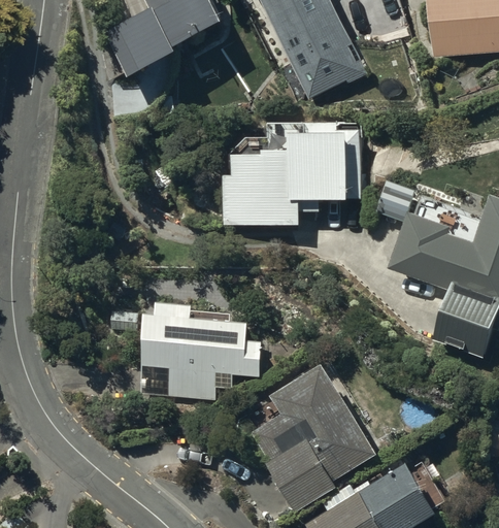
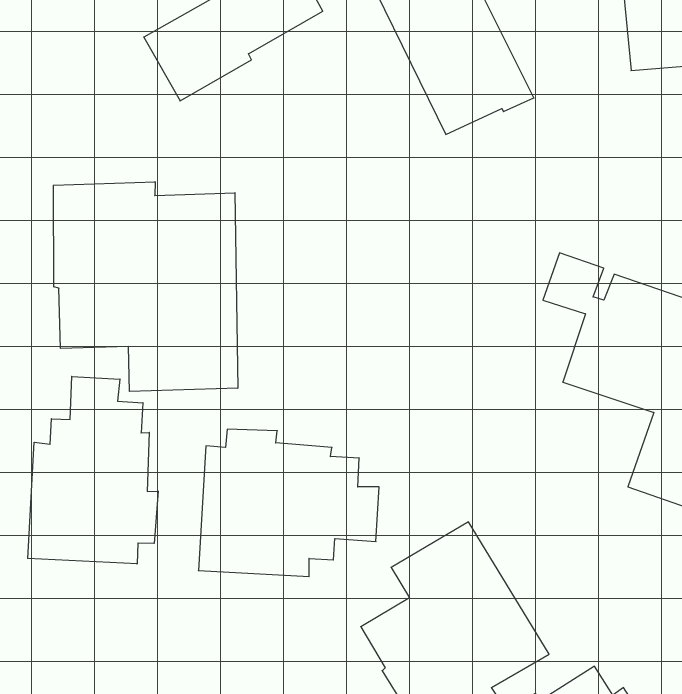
building: [222,122,361,225] -> none
building: none -> [53,182,238,391]
building: none -> [28,376,158,564]

